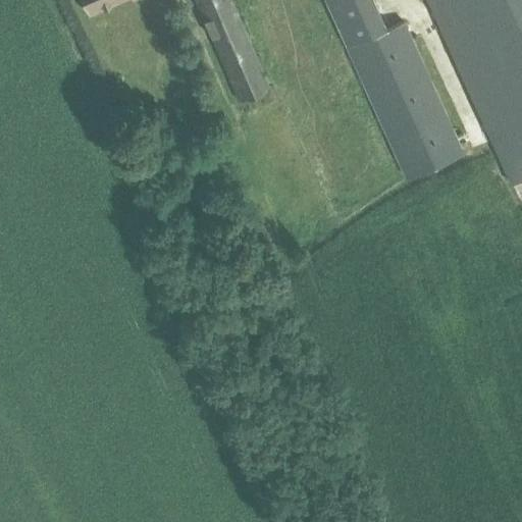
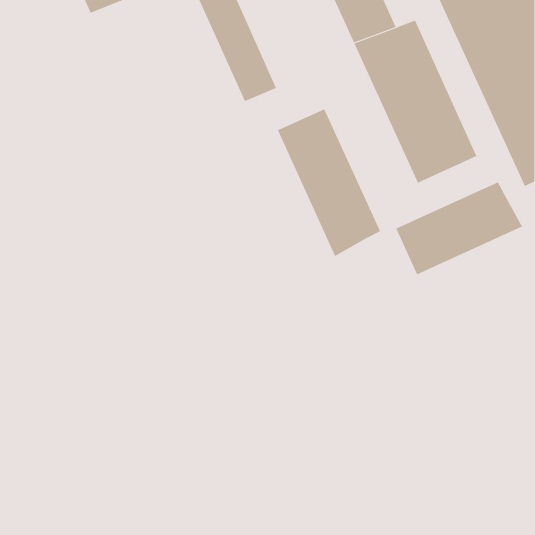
building: none -> [277,108,381,257]
building: none -> [396,181,523,275]

